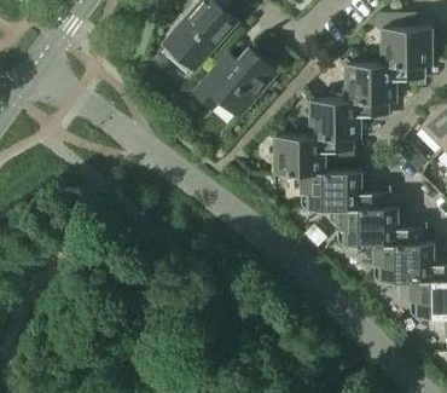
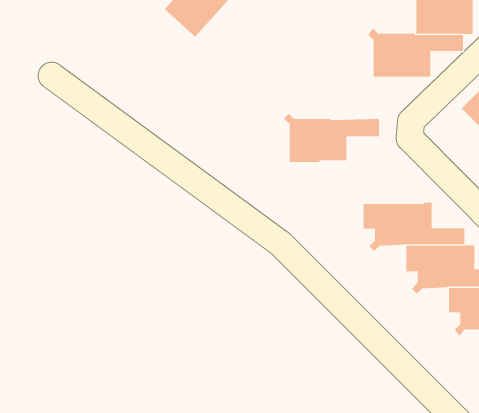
building: [192,48,277,116] -> none
building: [304,94,388,137] -> none
building: [301,172,388,214] -> none

